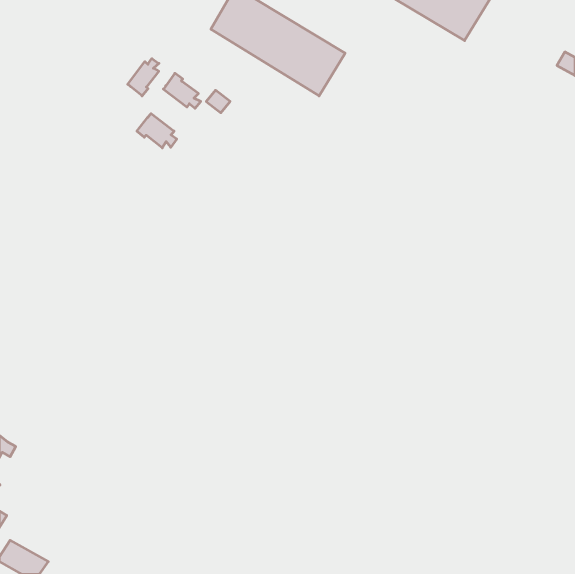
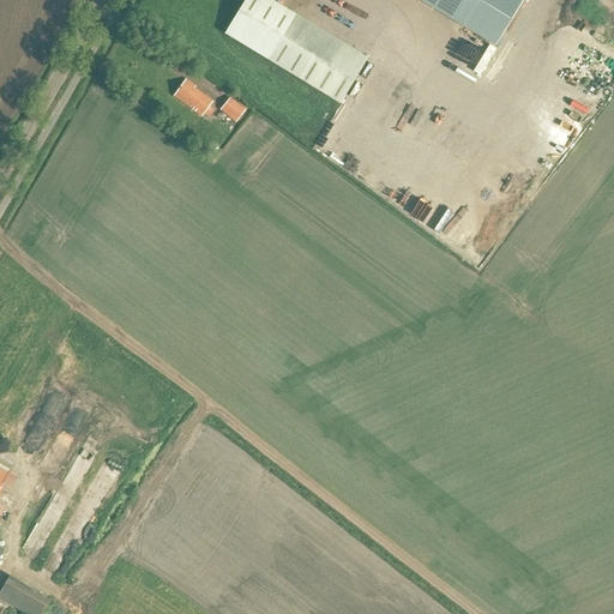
building: [128,59,159,96] -> none
building: [137,114,177,148] -> none

